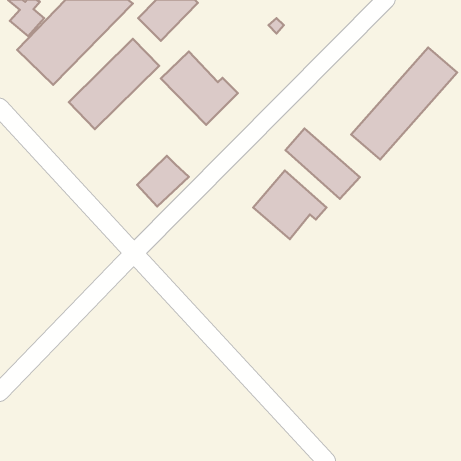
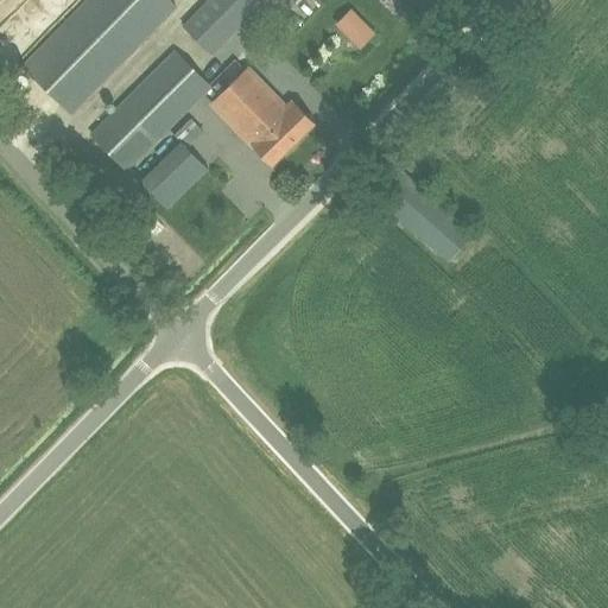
building: [351,47,457,159] -> none
building: [137,156,189,207] -> [140,141,208,208]
building: [253,170,327,239] -> none

